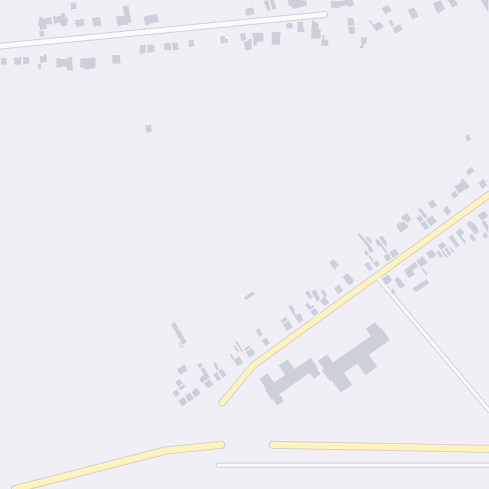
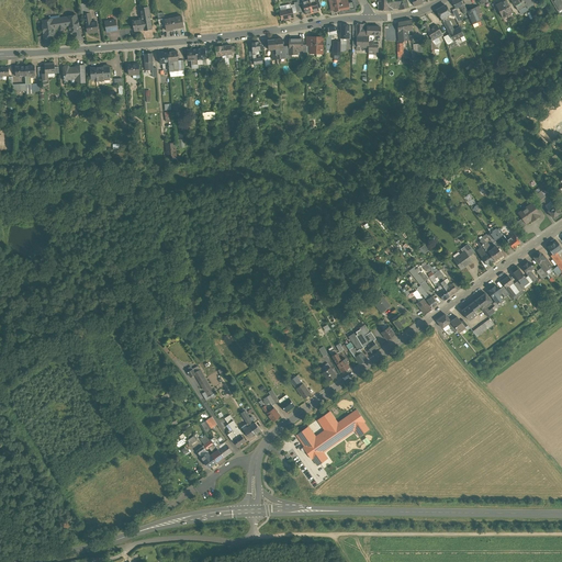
building: [317,321,391,394] -> none

